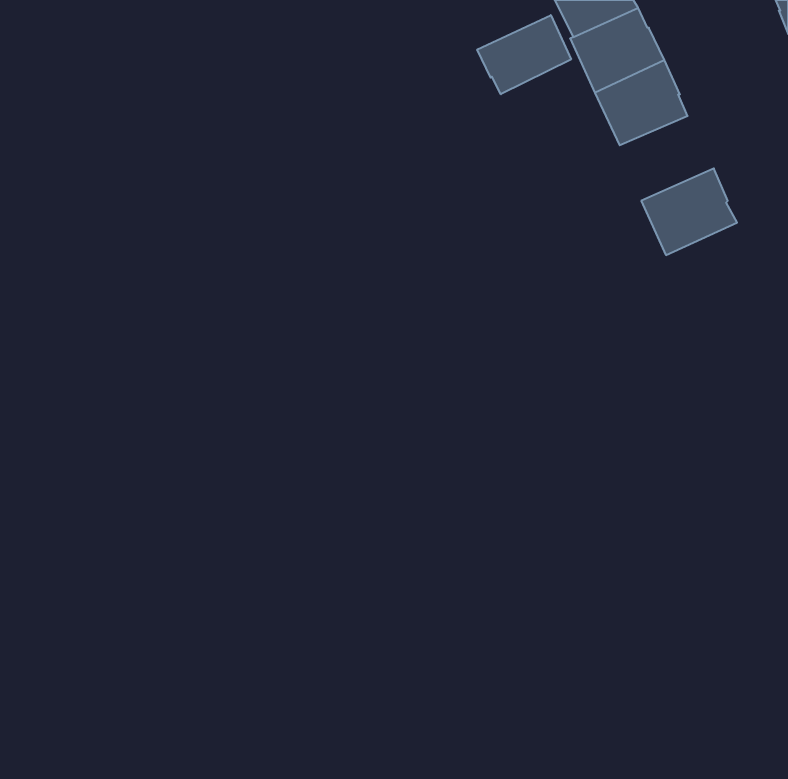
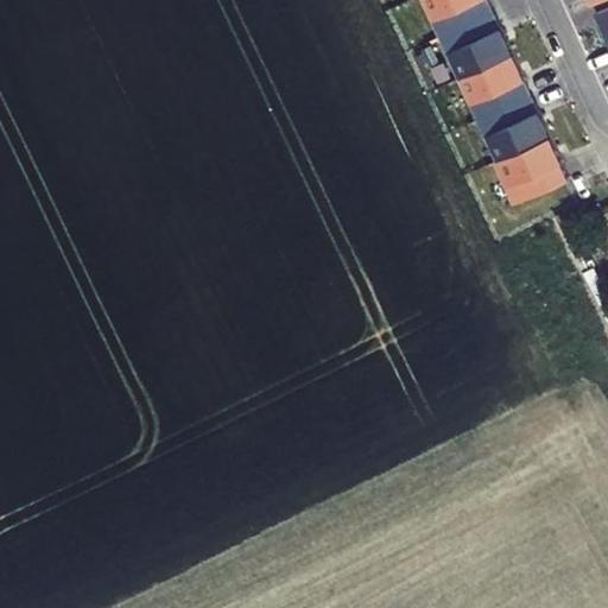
building: [477,15,571,94] -> none
building: none -> [476,97,549,162]

